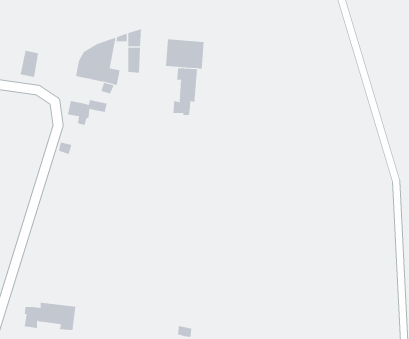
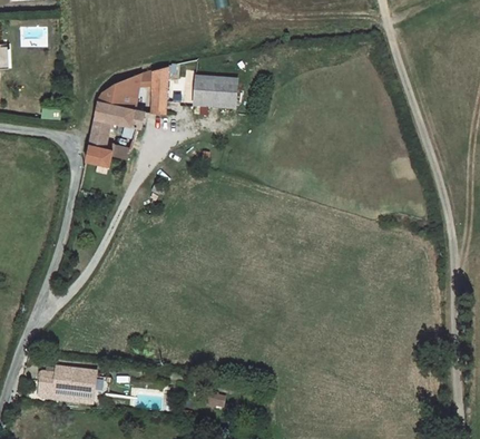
building: [20,50,39,78] -> [89,118,110,148]
building: [173,67,198,116] -> none

